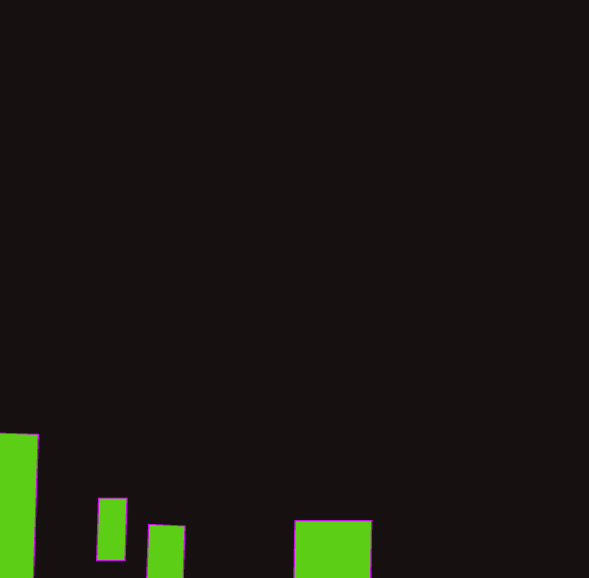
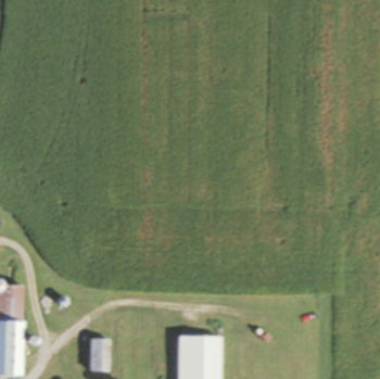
building: [97,498,127,561] -> none

